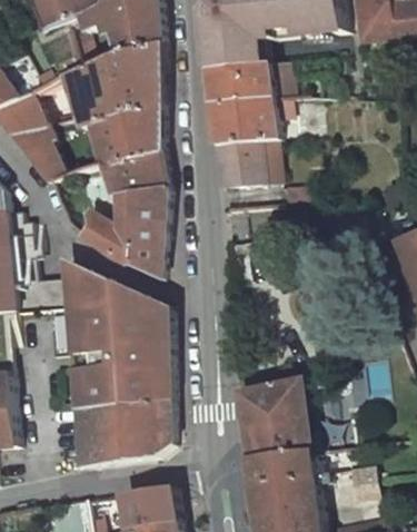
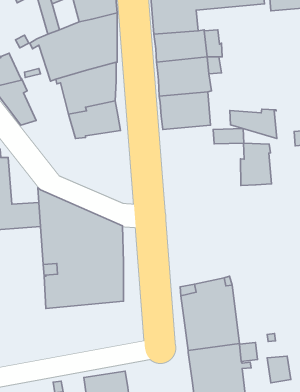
building: none -> [230,109,277,139]
building: [79,187,166,278] -> none
building: none -> [240,143,272,185]
building: [73,398,170,464] -> none

